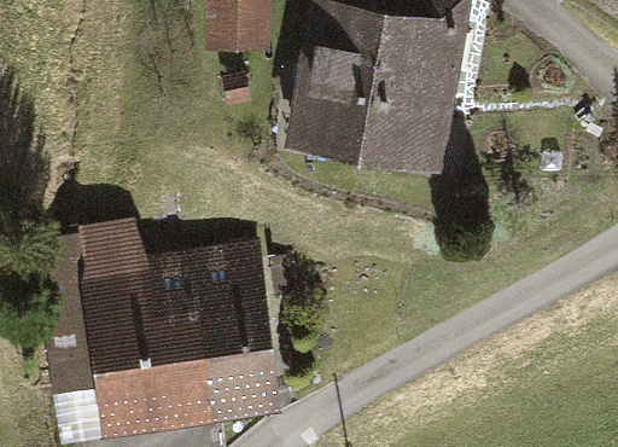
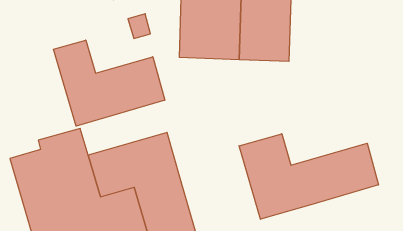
building: none -> [54,40,165,126]
building: none -> [239,134,378,219]

